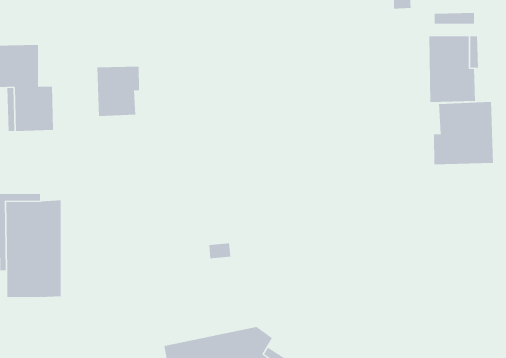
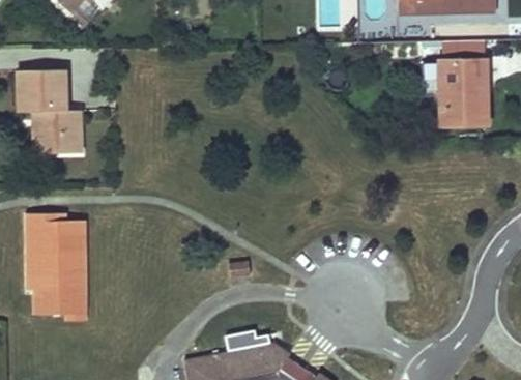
building: [97,66,139,117] -> none
building: [433,101,493,165] -> none

